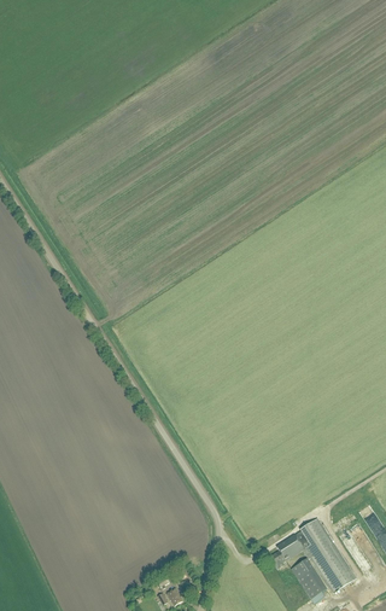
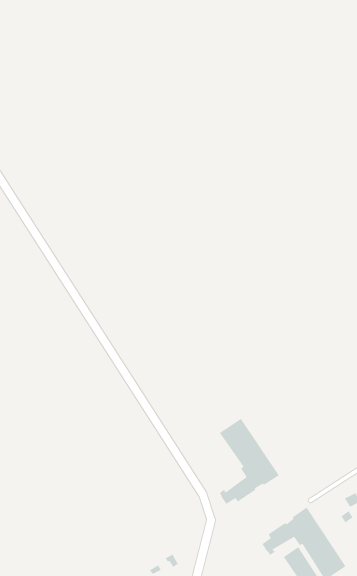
building: none -> [219,418,280,505]

